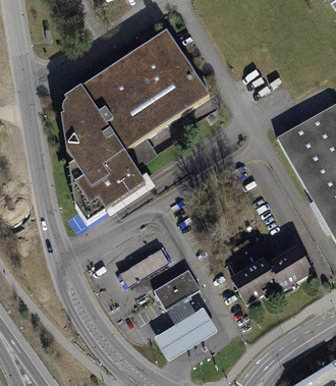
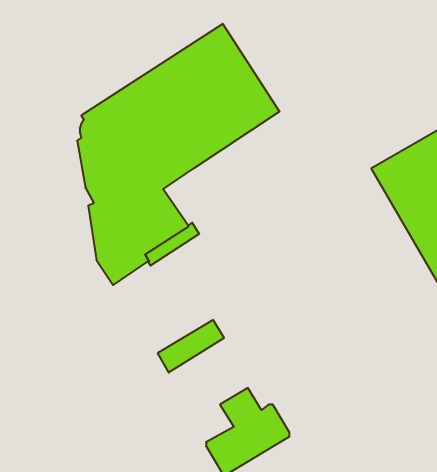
building: [123,139,157,170] -> none
building: [227,242,311,305] -> none
building: [153,270,201,312] -> none

